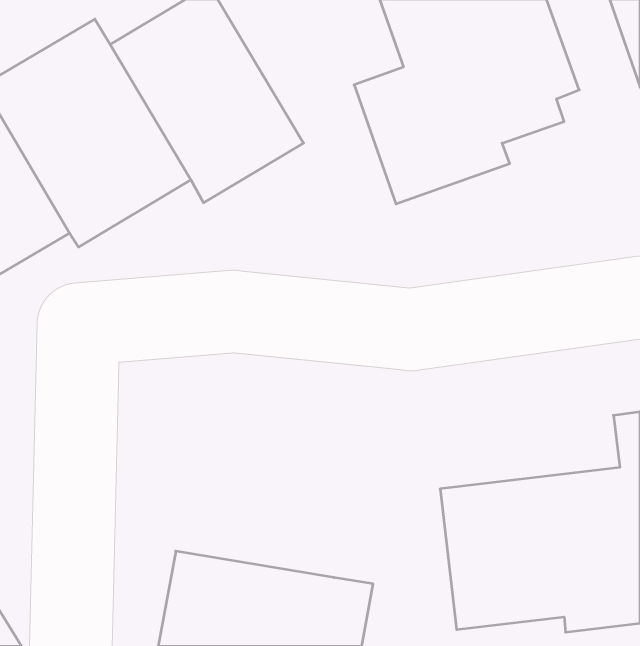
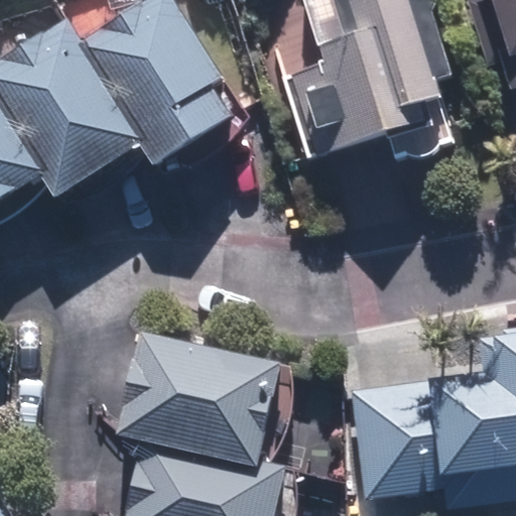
building: none -> [123,328,284,460]

